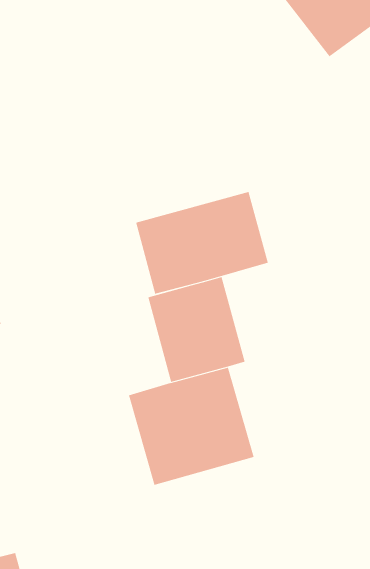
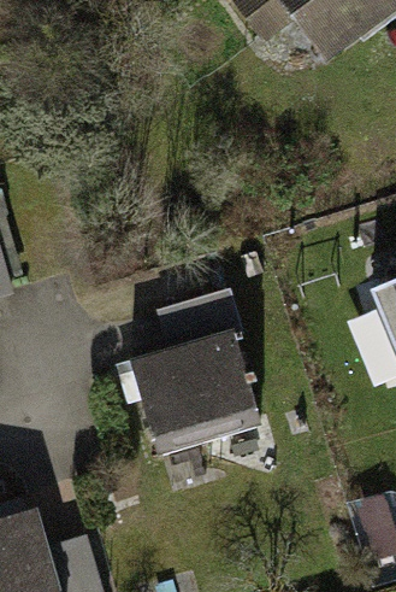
building: [135,191,269,294] -> none

